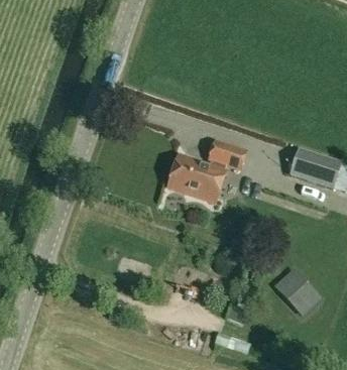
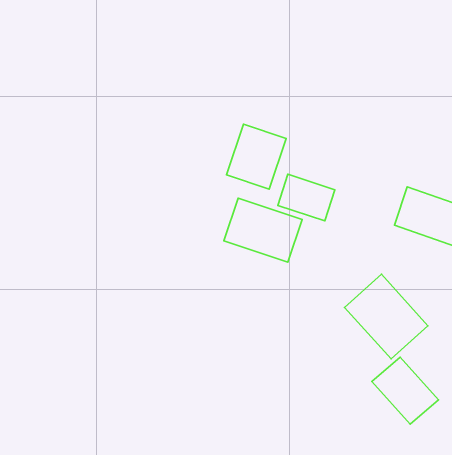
building: none -> [227,124,286,189]
building: none -> [345,274,428,359]

